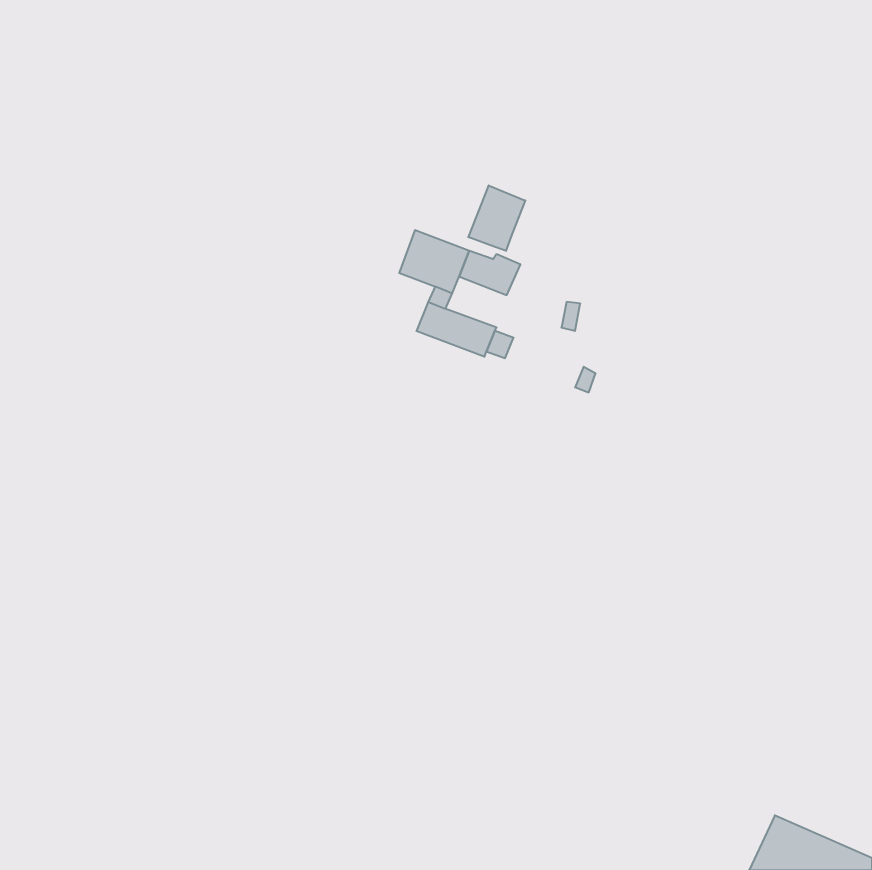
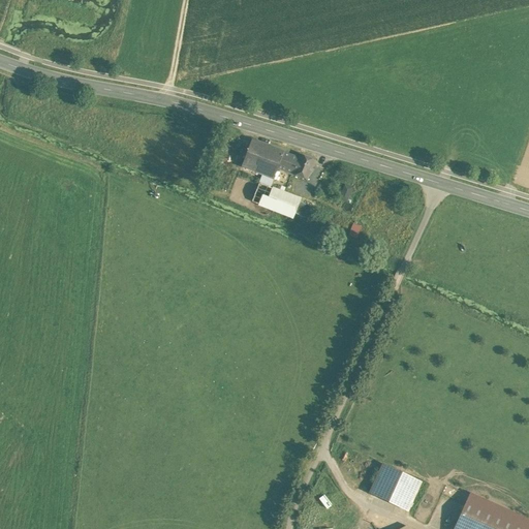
building: [468,185,525,251] -> none
building: none -> [373,465,426,511]

